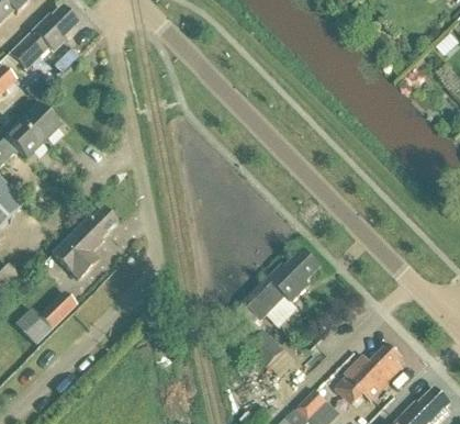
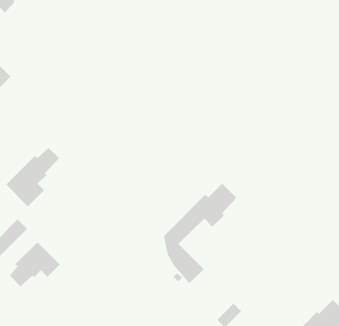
building: none -> [9,241,61,287]
building: [335,343,402,402] -> none

